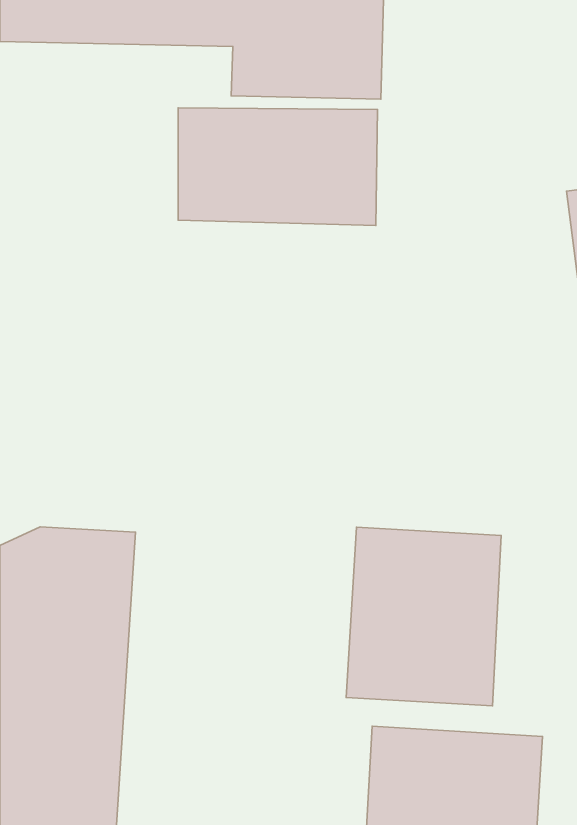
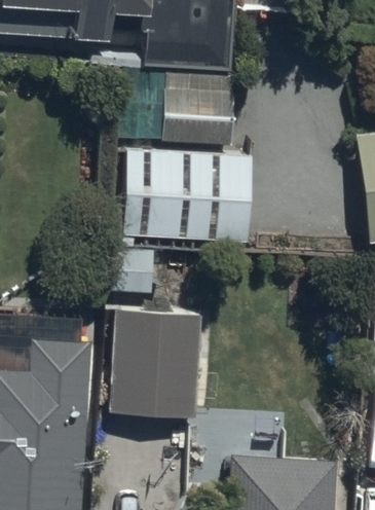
building: none -> [125,151,252,243]
building: [346,527,501,706] -> [111,312,204,420]

